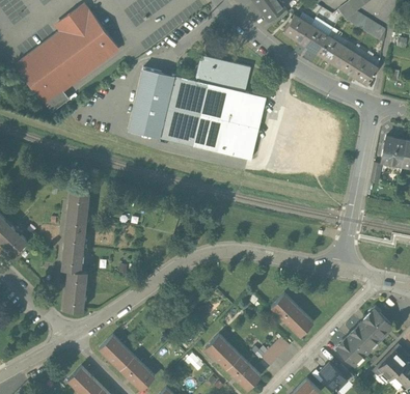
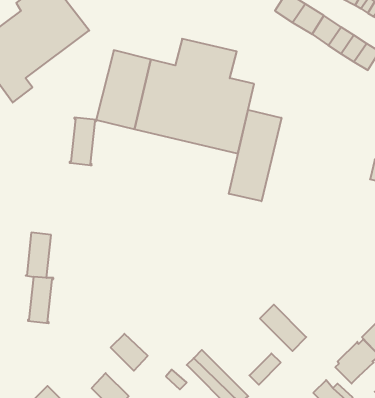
building: none -> [229,110,281,201]
building: [65,189,89,231] -> [70,118,96,165]
building: [100,335,133,368] -> [111,334,148,371]

